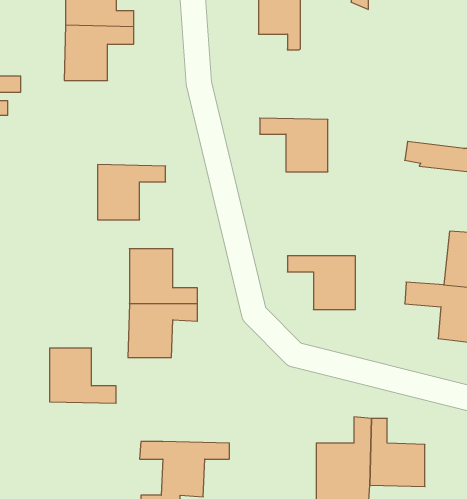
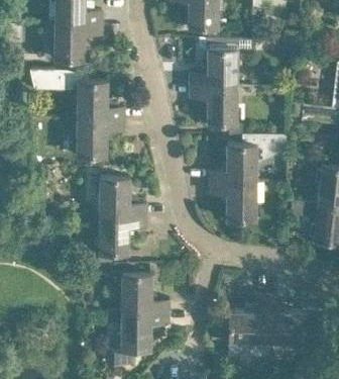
building: none -> [190,39,254,89]
building: none -> [30,72,125,121]
building: none -> [209,136,286,184]
building: [50,348,116,403] -> [122,276,168,314]

